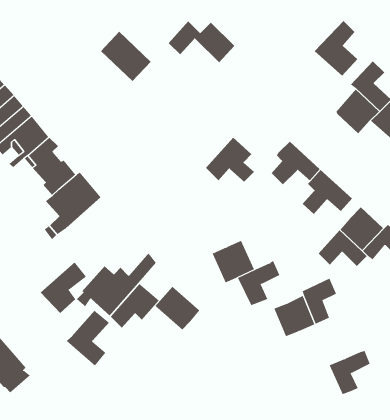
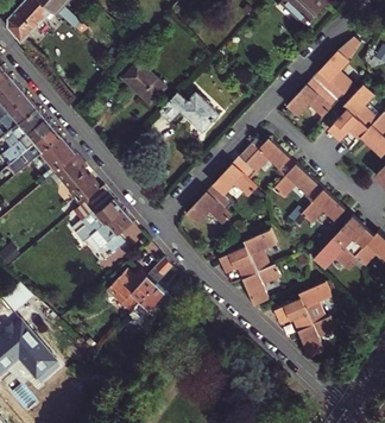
building: [168,20,235,63] -> [158,93,217,131]
building: none -> [285,78,335,116]
building: none -> [239,138,289,170]
building: none -> [187,182,233,223]
building: none -> [245,229,277,272]
building: [40,262,87,314] -> [91,208,133,254]
building: [155,286,200,330] -> none
building: [66,310,110,366] -> none
building: [329,351,370,395] -> [297,314,334,353]

